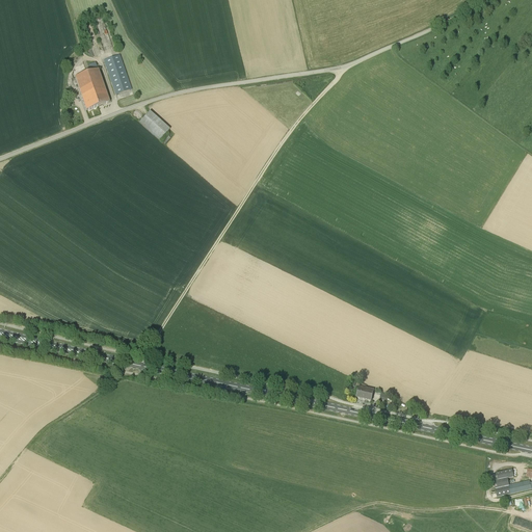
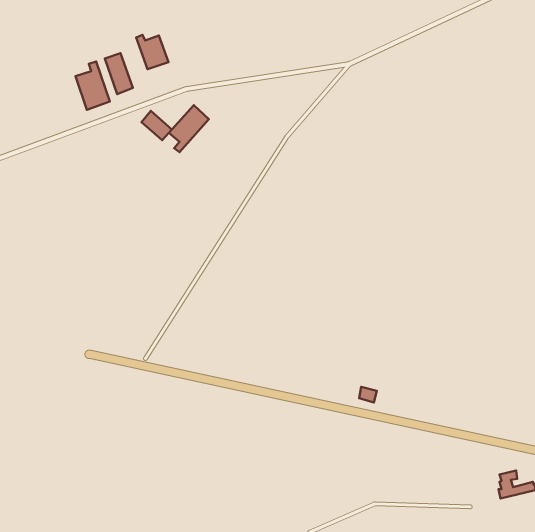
building: none -> [136,35,168,69]
building: none -> [169,105,209,152]

